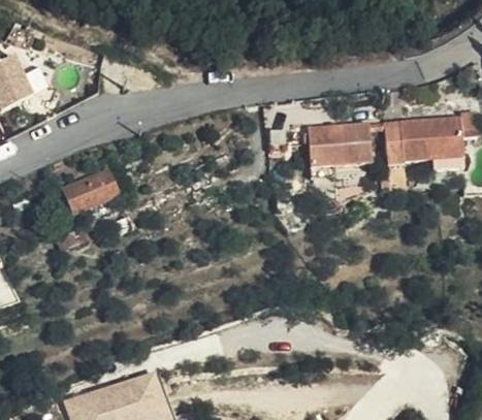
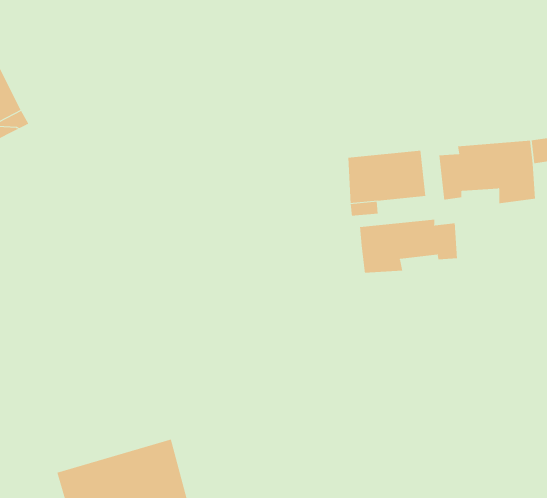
building: [62,164,119,207] -> none
building: none -> [360,219,458,274]

